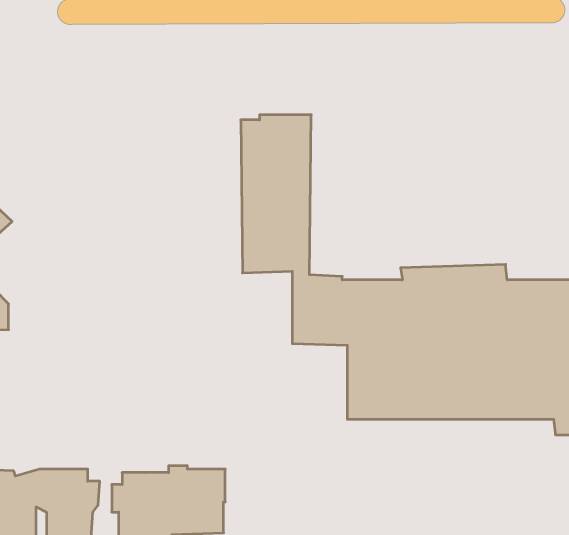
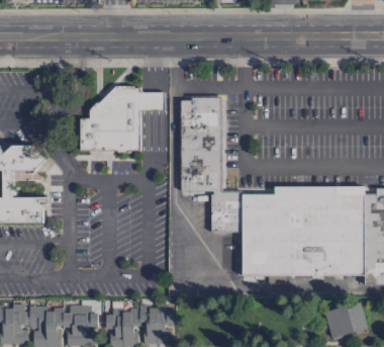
building: none -> [81,86,167,151]
building: none -> [324,302,367,338]

